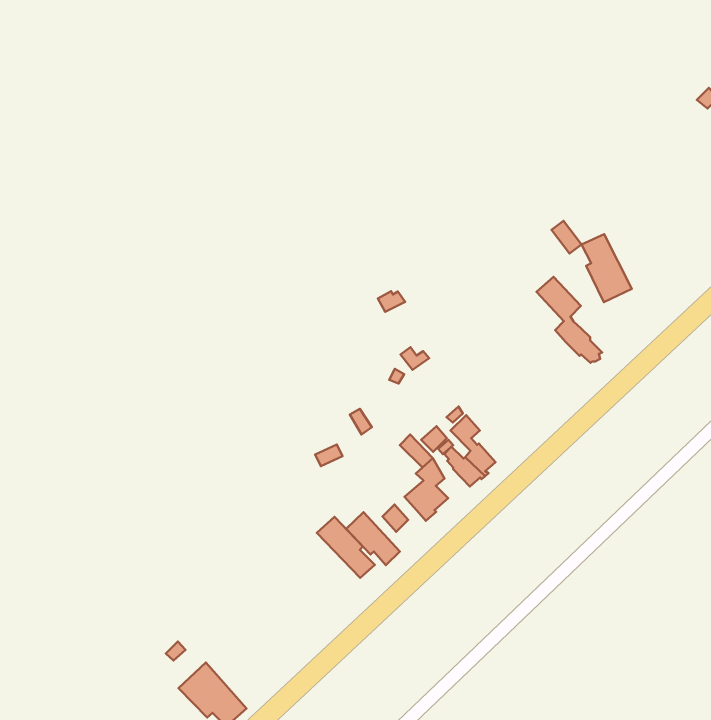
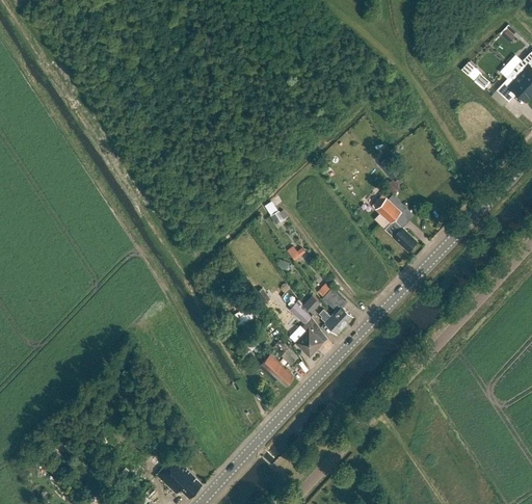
building: [581,234,632,302] -> none
building: [317,517,375,578] -> none

